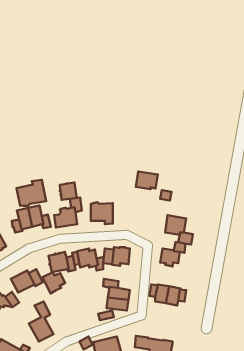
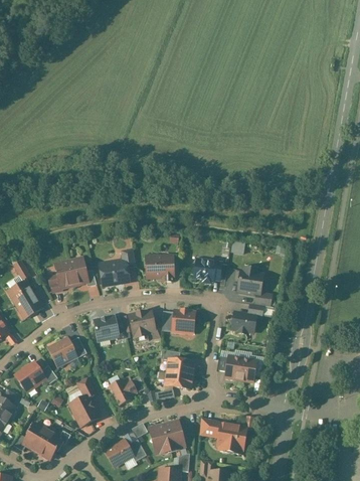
building: [136,171,158,189] -> [194,259,221,281]
building: [16,180,46,206] -> none
building: [60,183,77,200] -> none
building: [42,272,65,293] -> [109,379,137,406]

